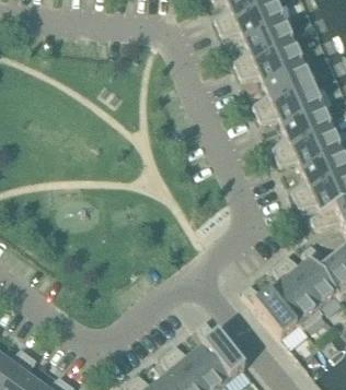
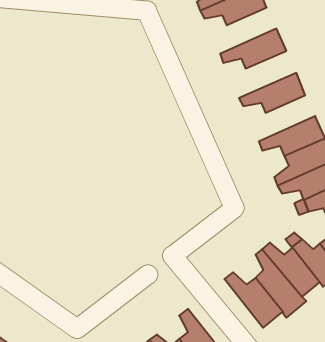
building: [234,20,295,66] -> none
building: [254,62,314,109] -> none
building: [273,106,333,152] -> none

